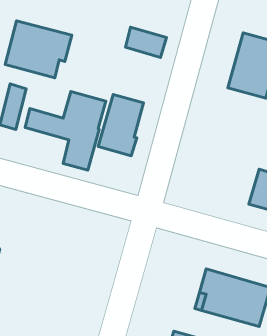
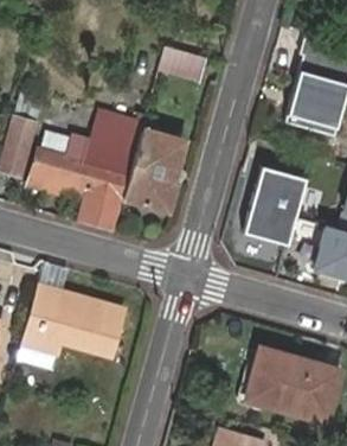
building: [5,21,72,78] -> none
building: none -> [243,165,306,243]
building: none -> [21,287,122,357]

